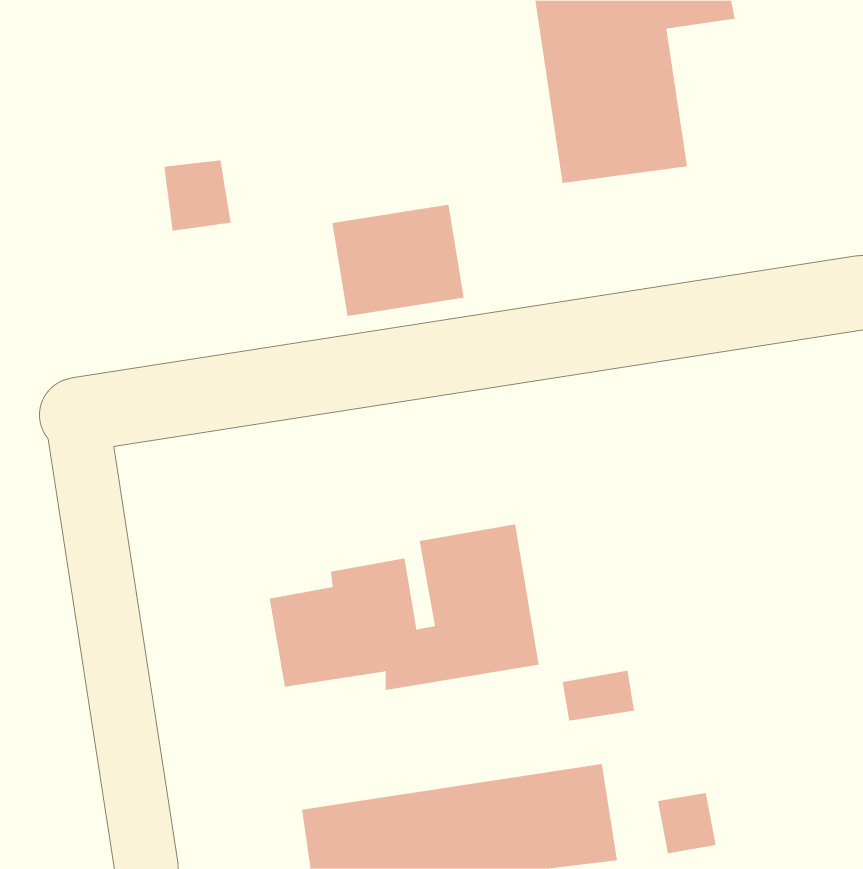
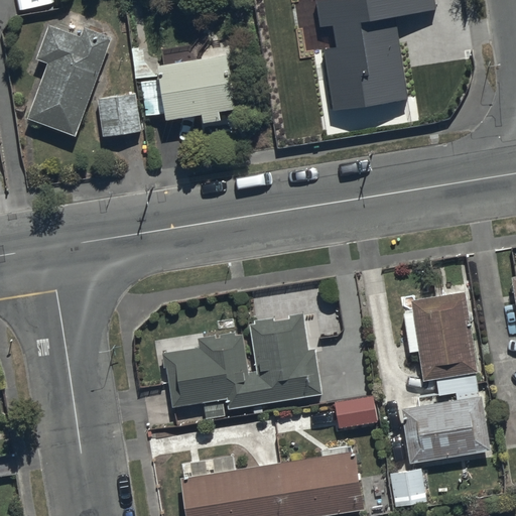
building: none -> [25,23,113,137]
building: [332,204,464,316] -> [158,55,237,122]
building: none -> [401,292,490,464]

